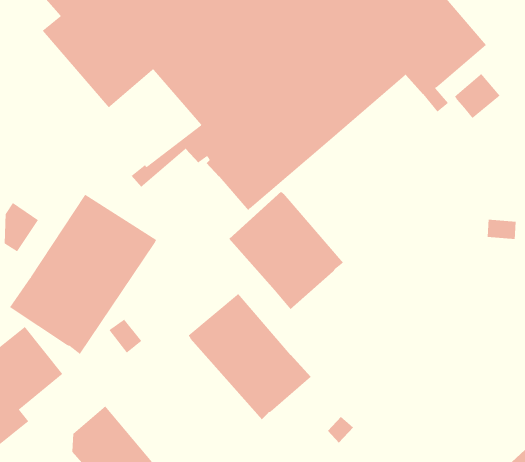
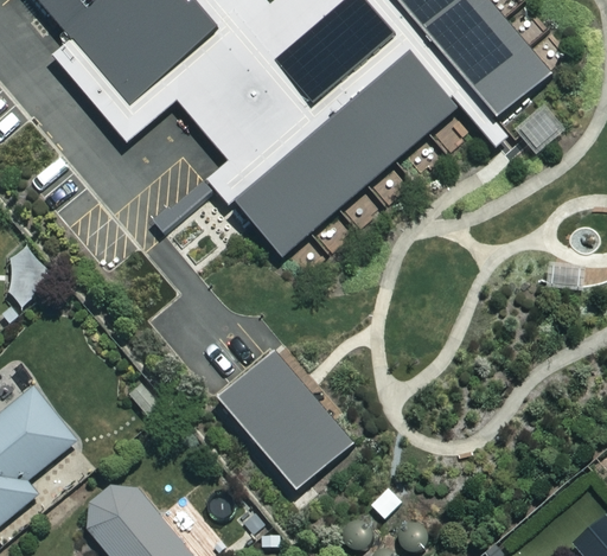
building: [228,191,344,310] -> none
building: [9,194,157,355] -> none

